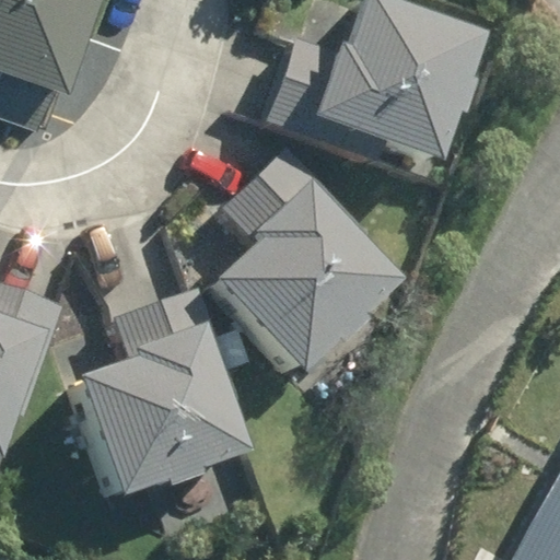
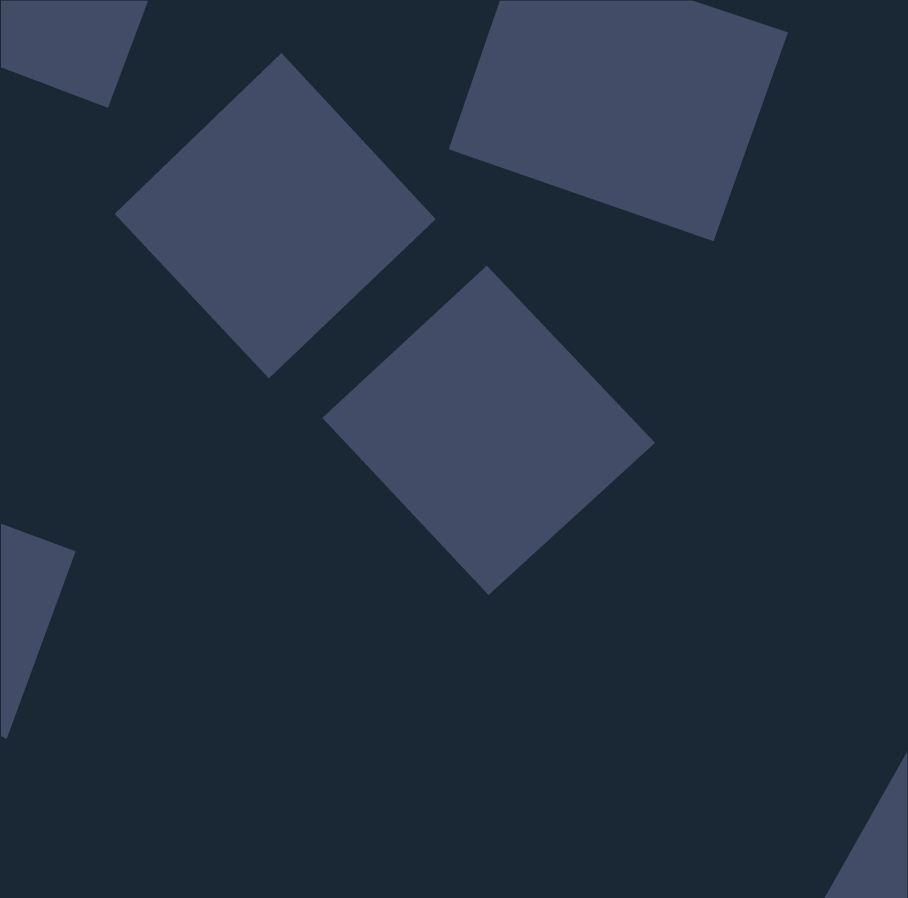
building: none -> [114,52,437,379]
building: [74,317,261,502] -> none

